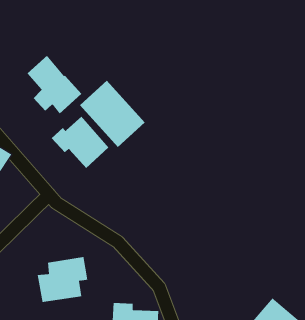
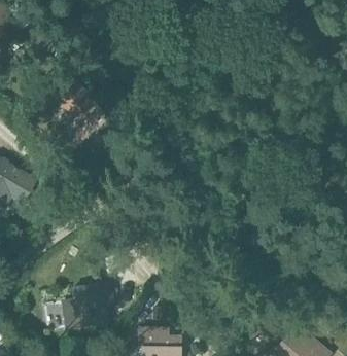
building: [79,80,145,148] -> none
building: [51,116,109,169] -> none

